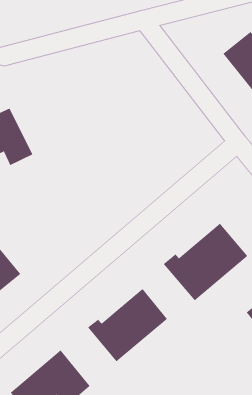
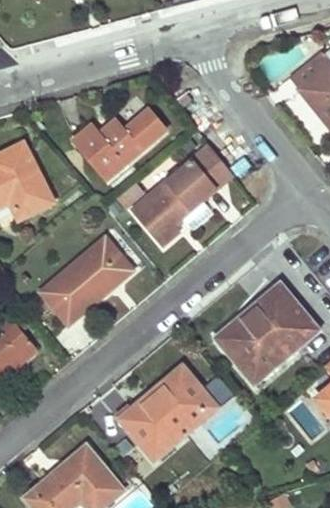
building: none -> [74,109,164,178]
building: none -> [133,145,232,244]
building: none -> [43,238,131,322]

